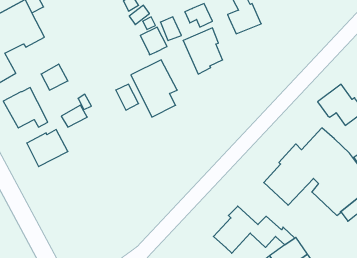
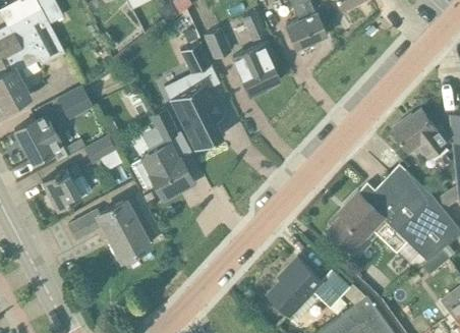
building: none -> [130,145,190,201]
building: none -> [68,201,149,261]

